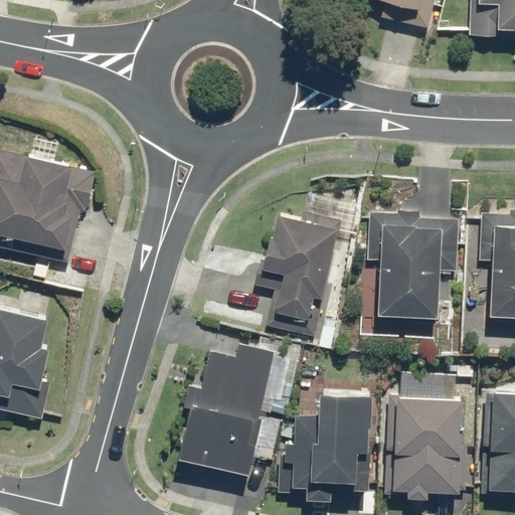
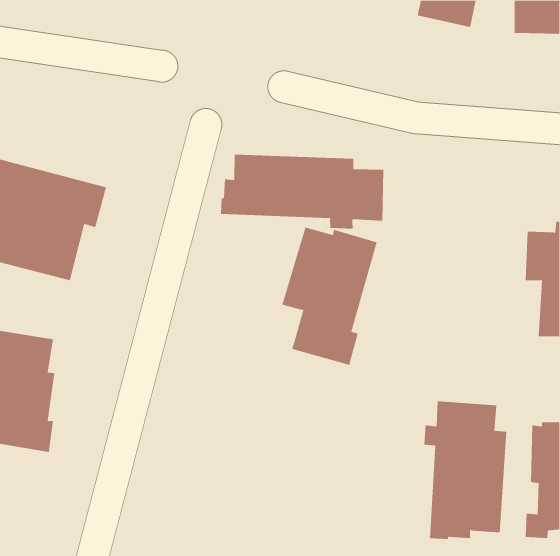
building: none -> [220,154,384,230]
building: [367,211,445,318] -> none
building: [181,349,274,471] -> none
building: [275,390,373,502] -> none

